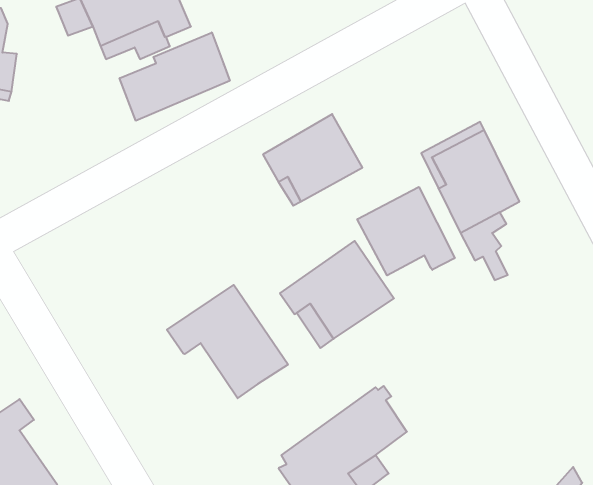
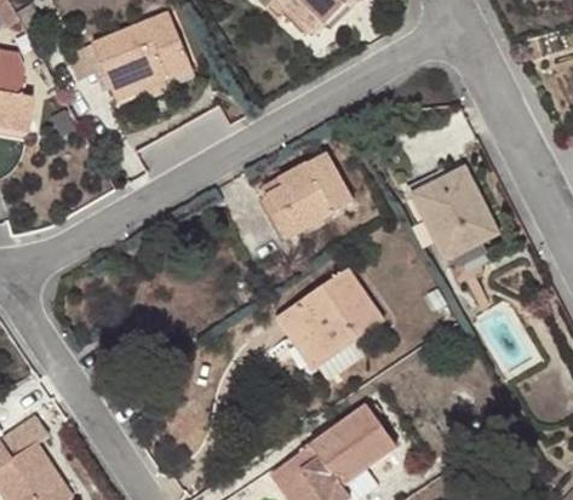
building: [120,32,230,121] -> none
building: [357,187,455,275] -> none
building: [167,285,288,398] -> none

